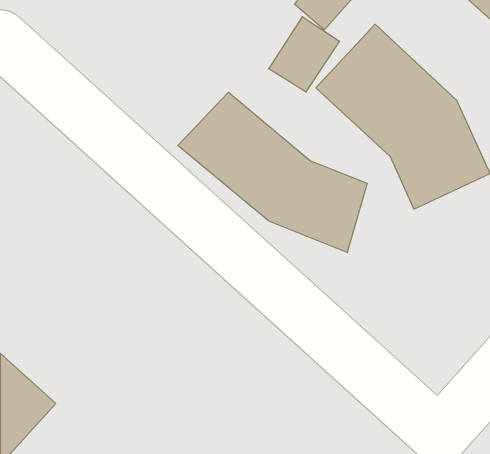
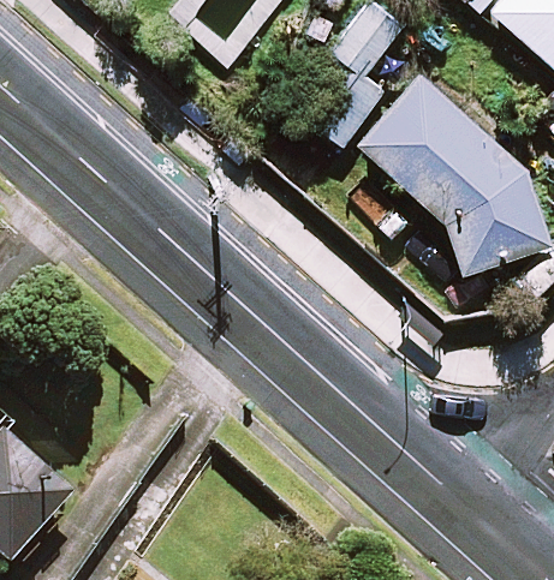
building: [178,92,367,253] -> none

